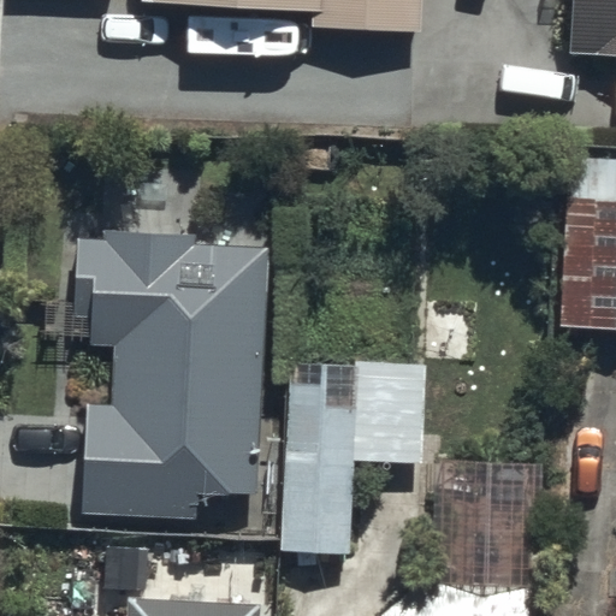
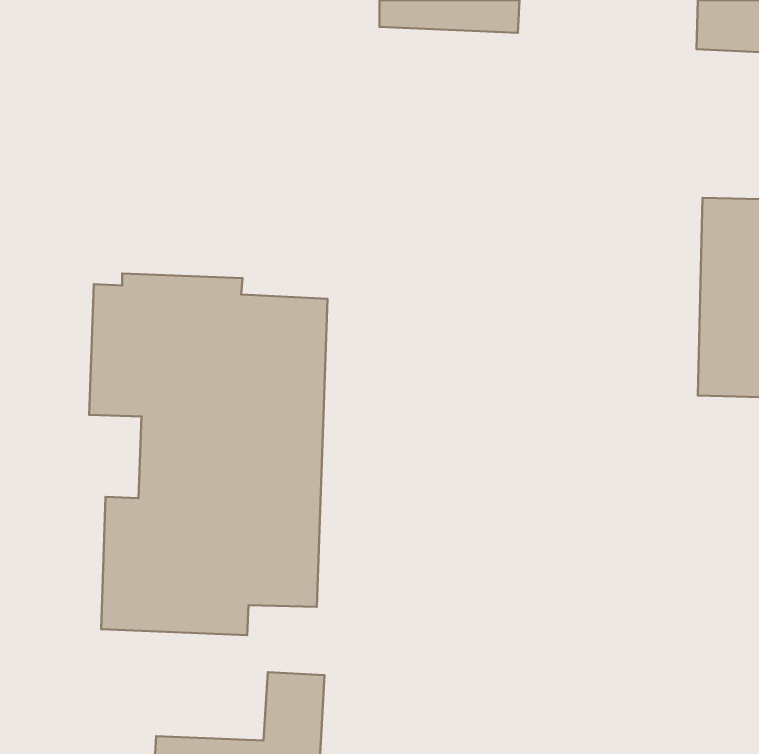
building: [282,354,428,557] -> none

